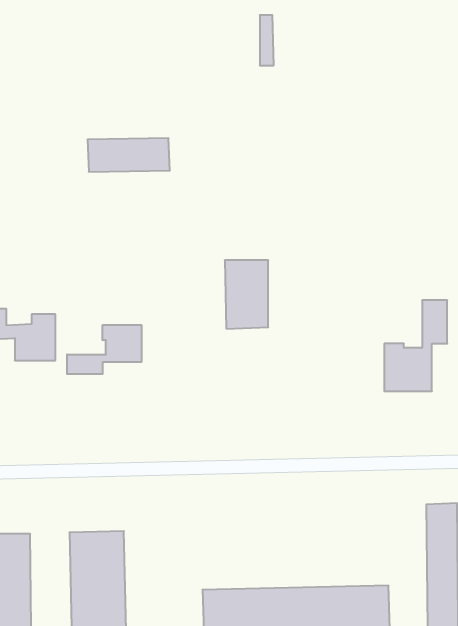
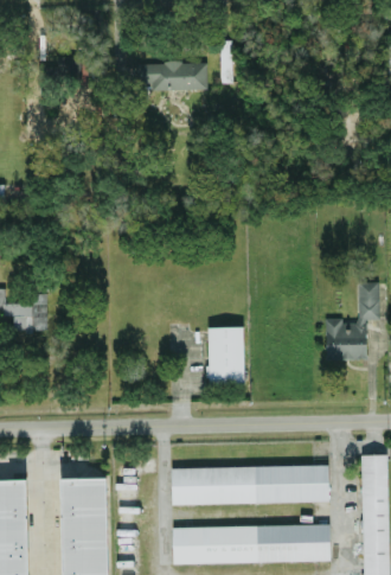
building: [87,138,170,172] -> [137,62,207,90]
building: [225,260,268,329] -> [207,327,244,385]
building: [67,325,141,374] -> none
building: none -> [172,465,329,504]

